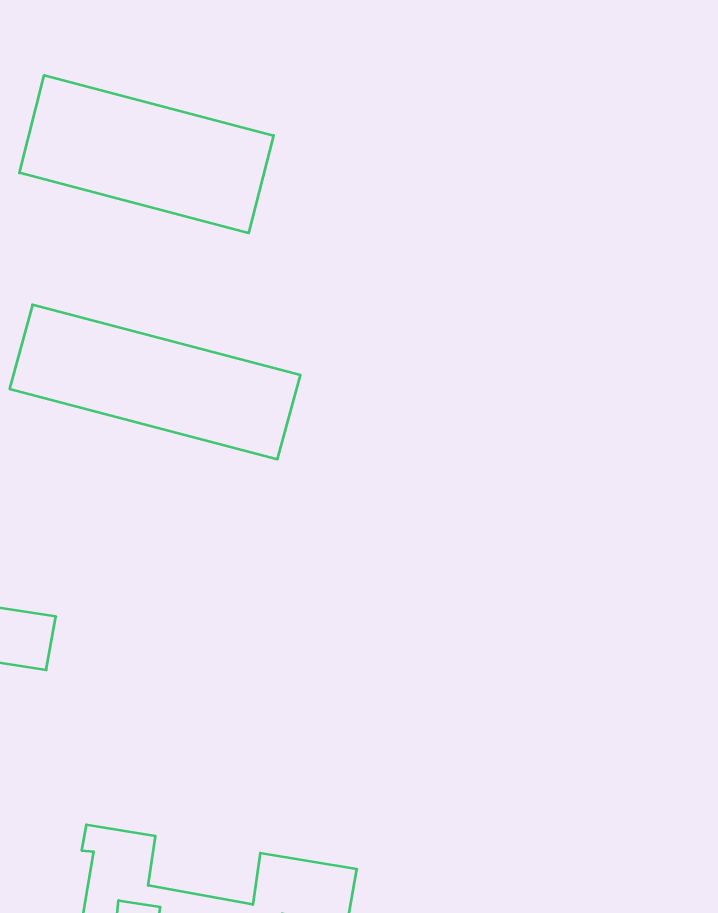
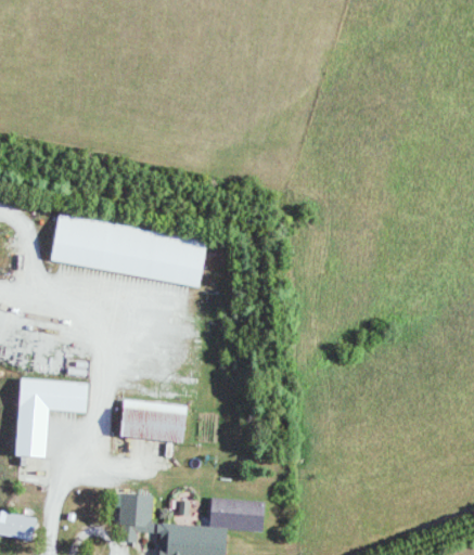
building: [19,75,274,233] -> none
building: none -> [120,400,187,440]

